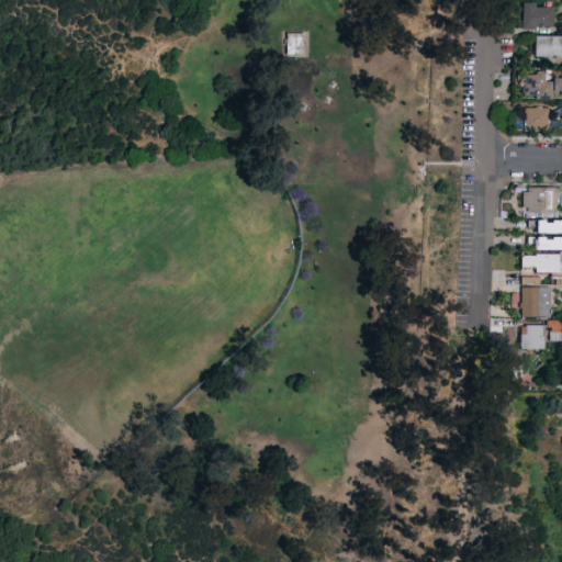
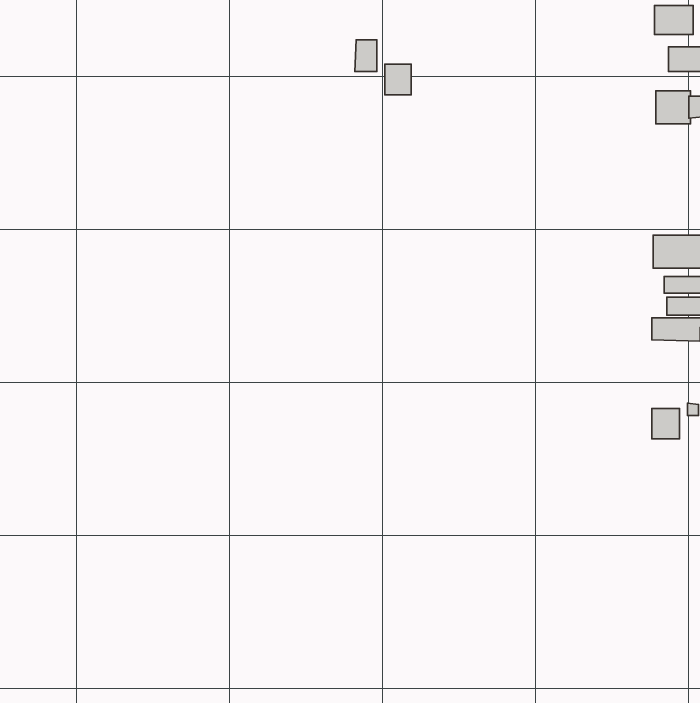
building: none -> [385,64,411,95]
building: [526,108,550,132] -> none
building: [522,288,551,317] -> none

